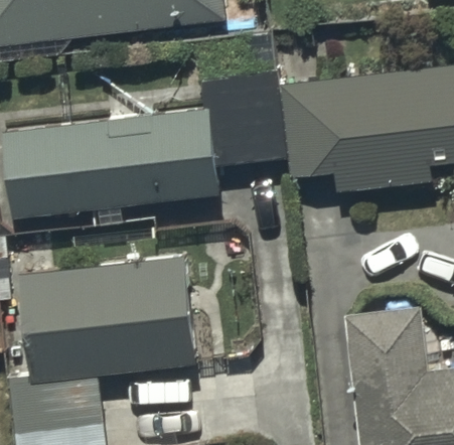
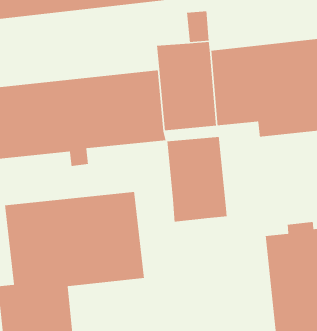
building: none -> [167,136,227,223]

